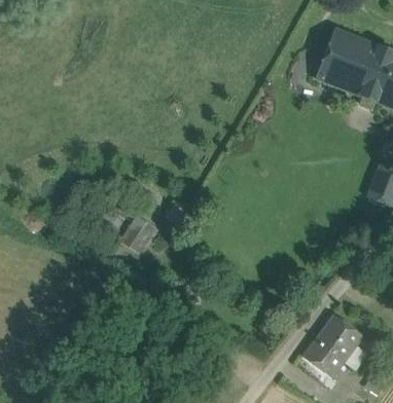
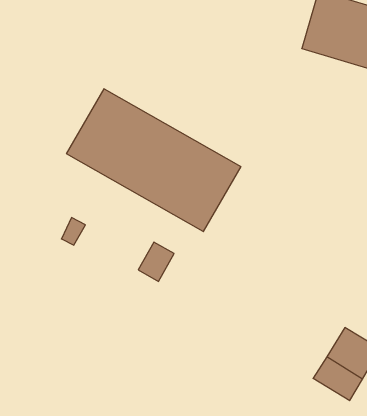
building: none -> [67,89,241,232]
building: [122,216,154,250] -> [138,242,174,281]

